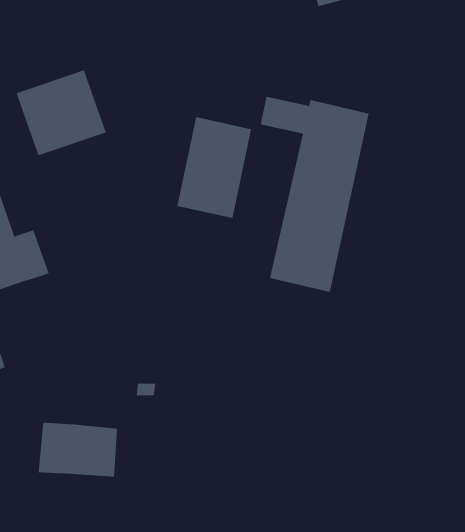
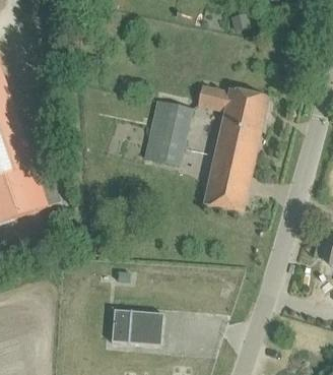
building: [16,69,107,156] -> none
building: [38,422,118,477] -> [111,309,162,345]

